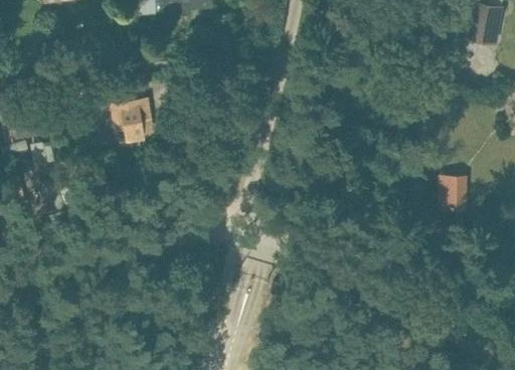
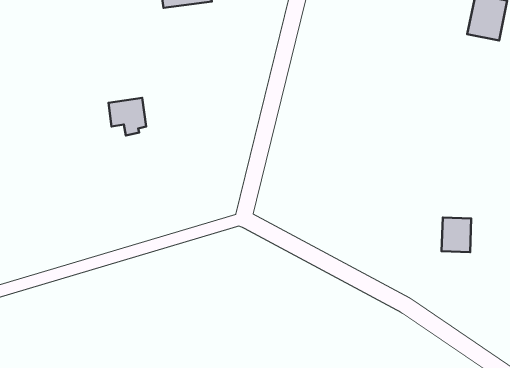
building: [438,174,467,208] -> [442,217,471,252]

